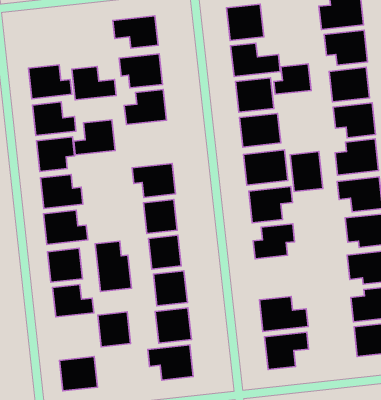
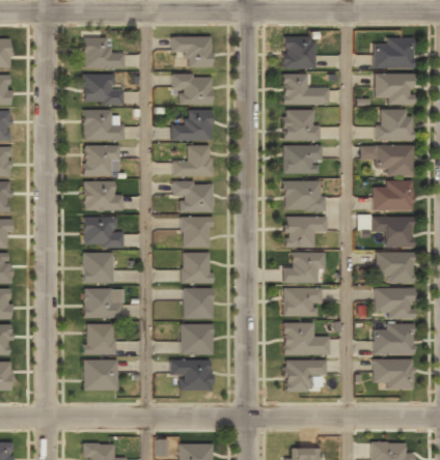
building: [274,64,311,94] -> none
building: [72,67,116,100] -> [83,38,123,68]
building: [74,120,115,155] -> [173,144,213,174]
building: [290,152,323,192] -> none
building: [95,241,131,292] -> none
building: none -> [283,287,321,316]
building: [98,312,131,347] -> [84,324,113,355]

